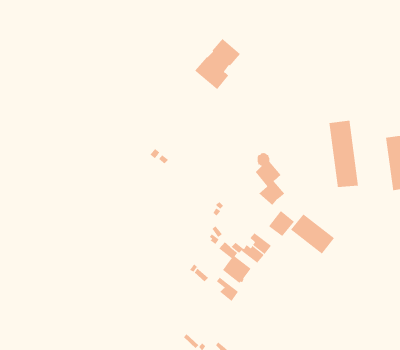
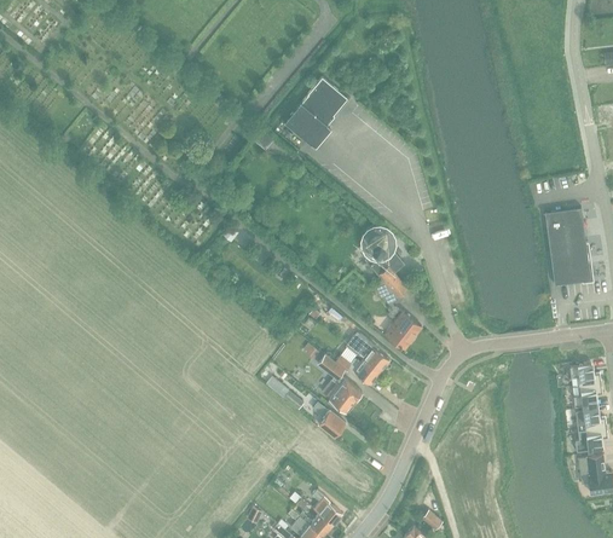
building: [329,120,359,188] -> none
building: [290,213,335,254] -> none

